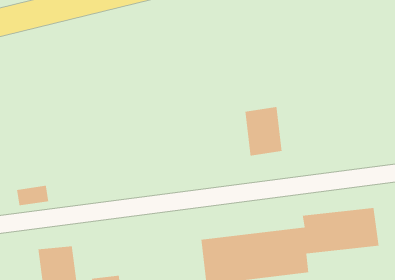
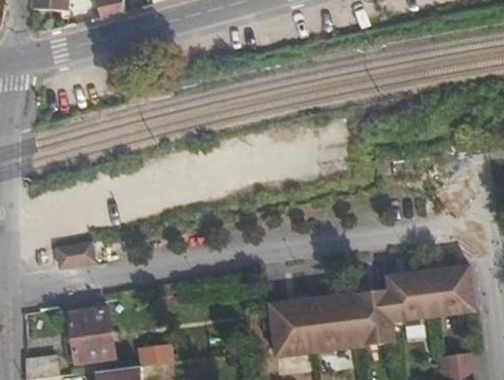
building: [244,106,283,156] -> none

